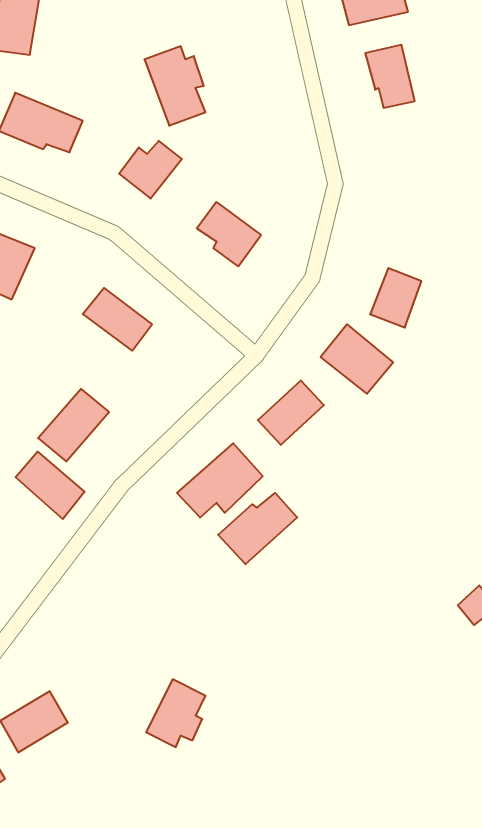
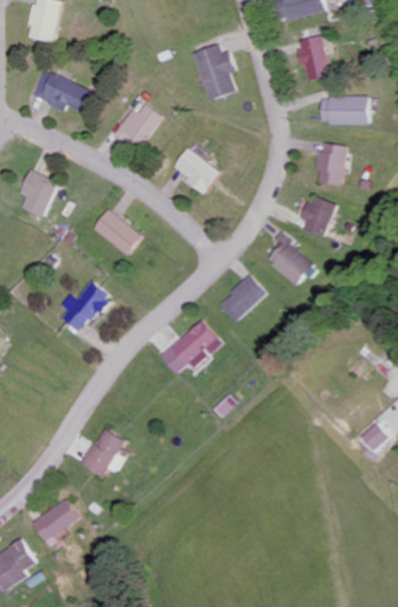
building: [144,46,205,126] -> [192,44,236,101]
building: none -> [320,97,368,124]
building: none -> [315,142,346,186]
building: [16,452,85,519] -> none
building: [218,493,297,564] -> none
building: [146,679,206,747] -> [82,427,124,475]

